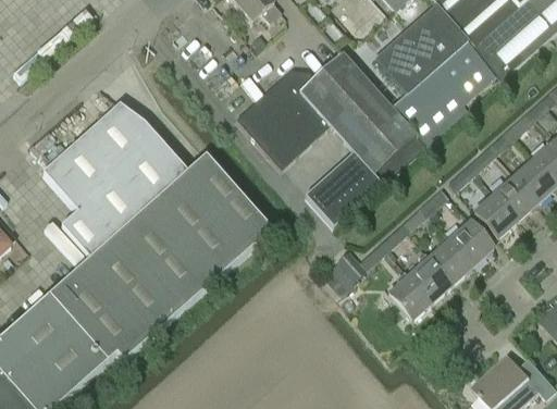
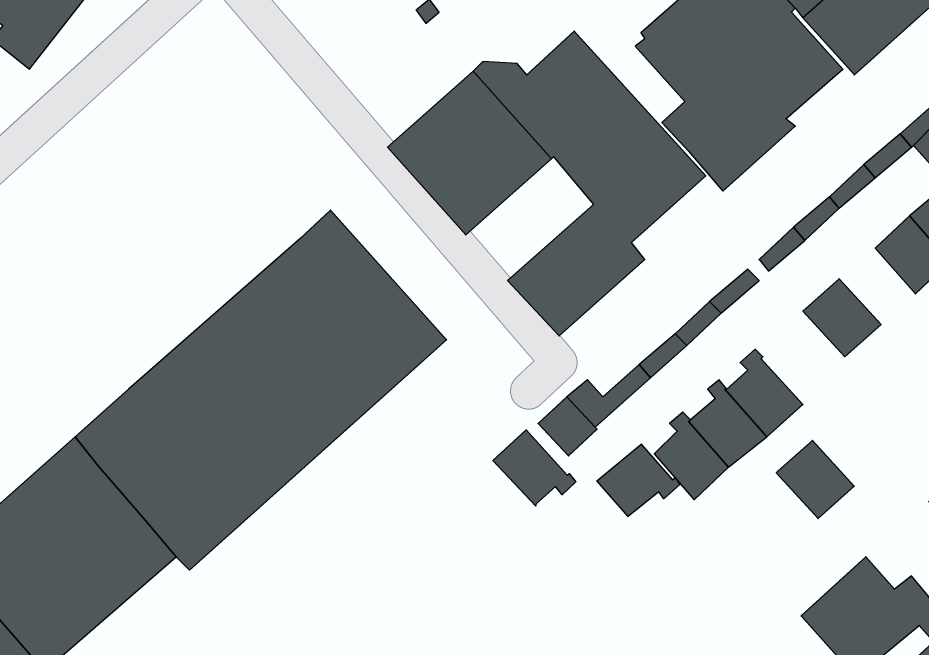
building: [40,101,186,256] -> none
building: [494,175,537,219] -> none
building: [449,220,494,264] -> [776,440,854,519]
building: none -> [493,430,576,506]
building: none -> [597,444,680,517]

